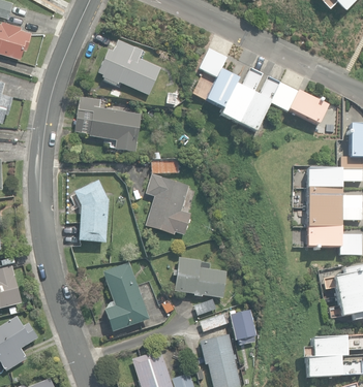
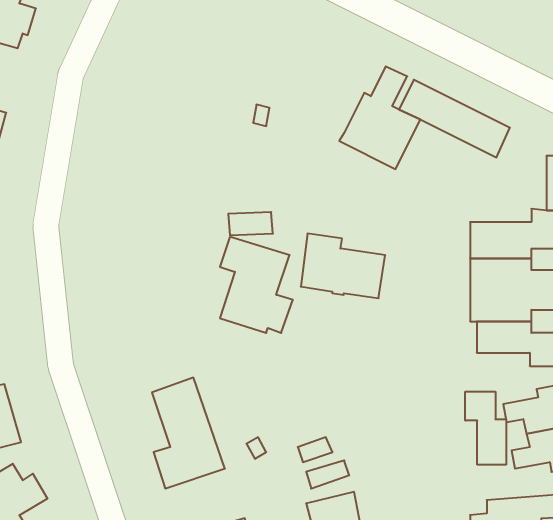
building: [97,40,160,96] -> none
building: [199,50,238,110] -> none
building: [74,97,141,154] -> none
building: [74,181,109,244] -> none
building: [175,259,228,299] -> [301,234,385,298]
building: none -> [465,392,506,465]
building: [230,311,256,346] -> none

